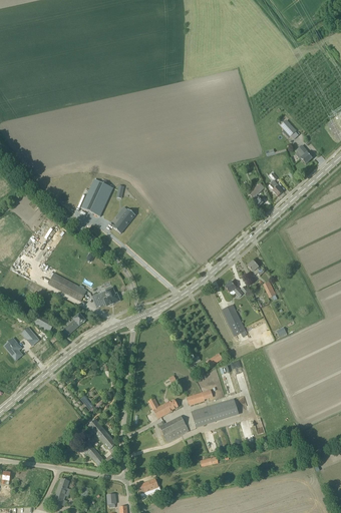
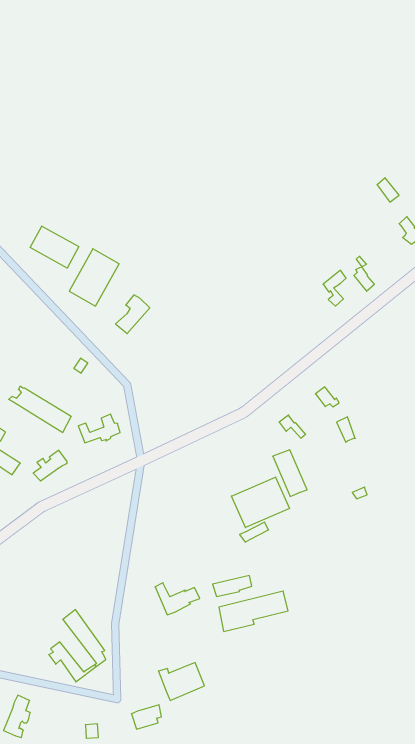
building: none -> [30,226,79,268]
building: none -> [231,477,290,528]
building: [156,415,188,441] -> [158,663,204,700]

